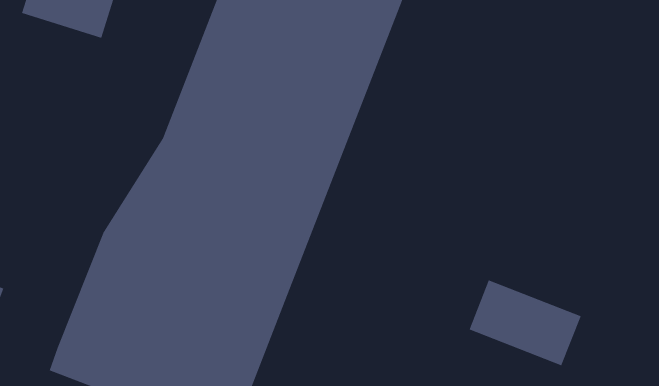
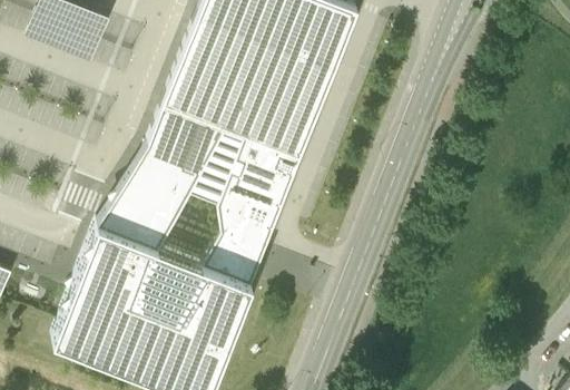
building: [469,279,581,366] -> none

